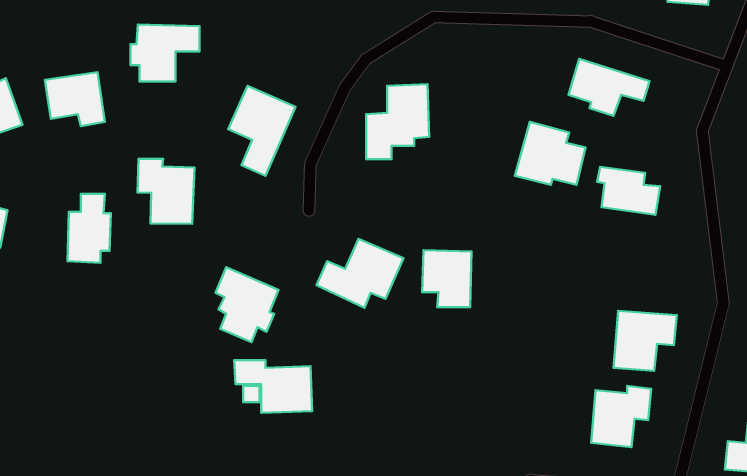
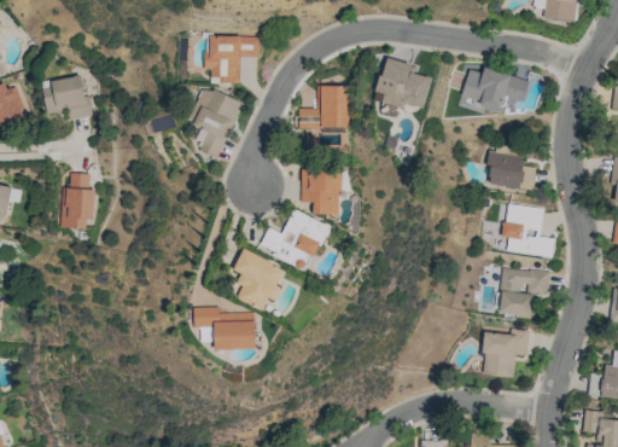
building: [130,25,199,82] -> [204,35,260,81]
building: [515,122,586,185] -> [373,57,430,108]
building: [137,159,194,224] -> none
building: none -> [502,203,554,256]
building: [422,250,472,307] -> [301,168,340,214]
building: [216,267,279,342] -> [233,249,284,309]

